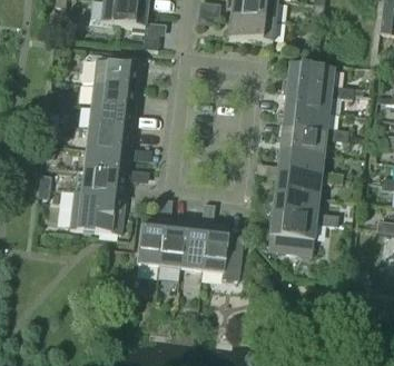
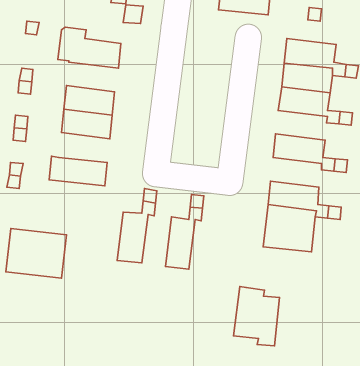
building: [91,85,138,111] -> none
building: [279,128,326,155] -> none
building: [85,148,130,175] -> none
building: [275,170,321,197] -> none
building: [71,190,126,235] -> [6,229,66,278]
building: [159,221,186,268] -> none
building: [201,226,243,279] -> [234,286,279,346]

